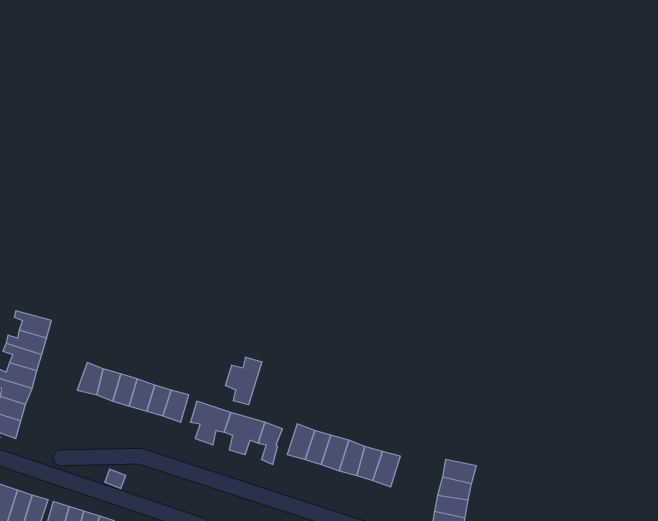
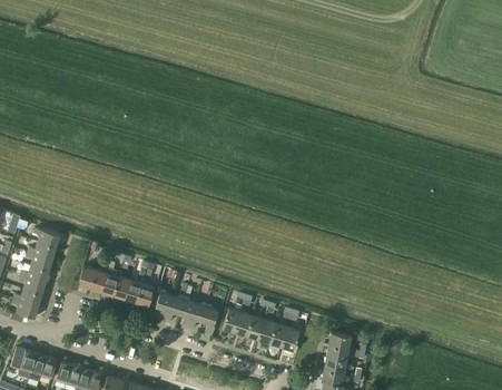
building: [225,357,262,405] -> none

